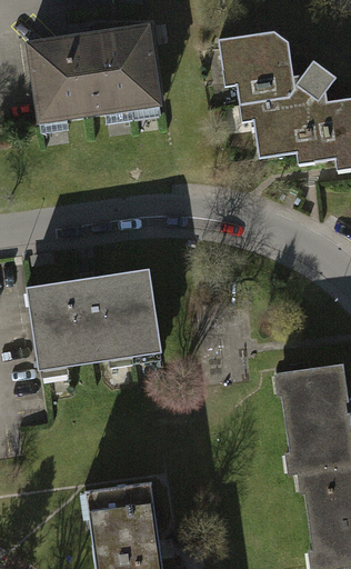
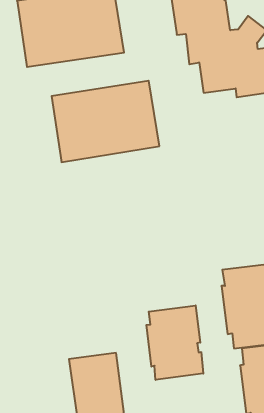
building: [26,267,160,368] -> [52,81,159,162]
building: none -> [146,305,203,380]

